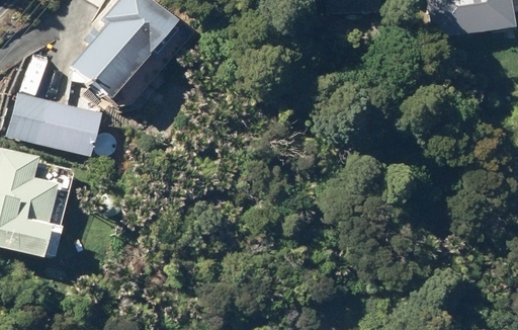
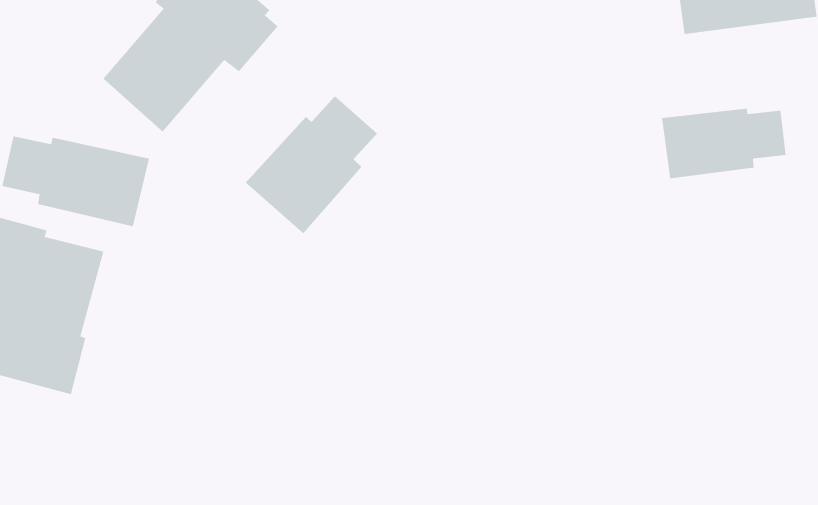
building: none -> [245,95,378,234]
building: none -> [661,108,786,179]

